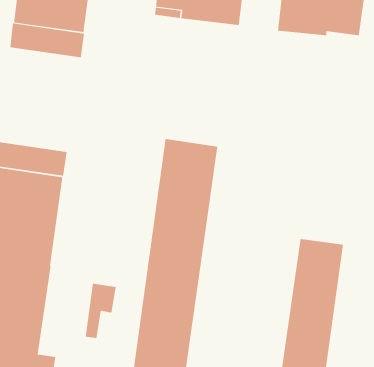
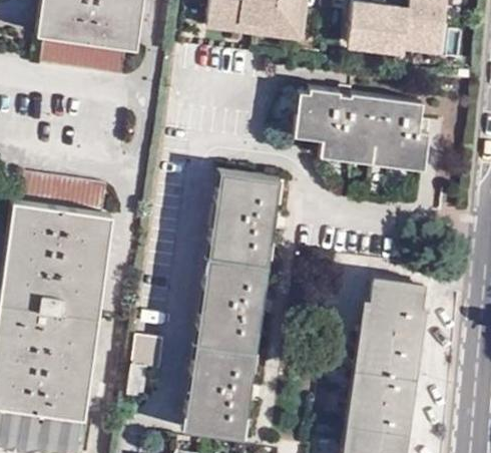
building: none -> [295,86,431,168]

